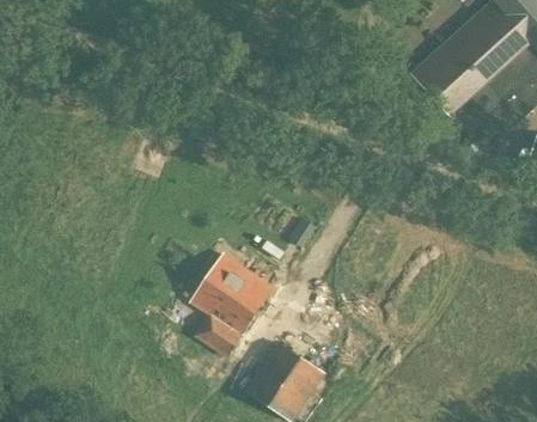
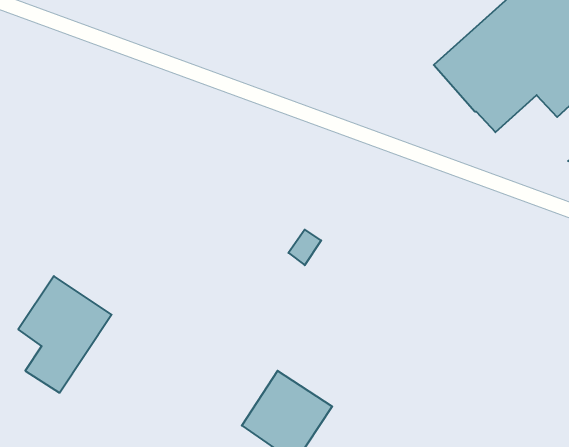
building: [190,253,271,355] -> [18,276,112,393]

